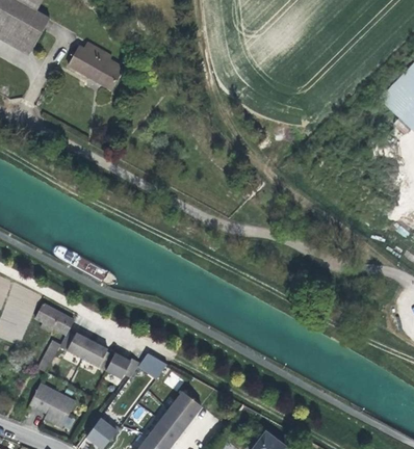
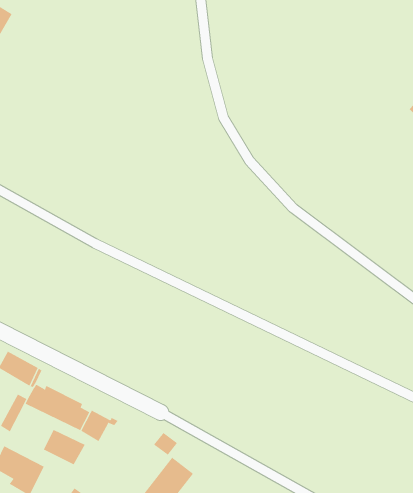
building: [71,44,125,91] -> none
building: [138,352,166,379] -> none
building: none -> [43,429,86,465]

